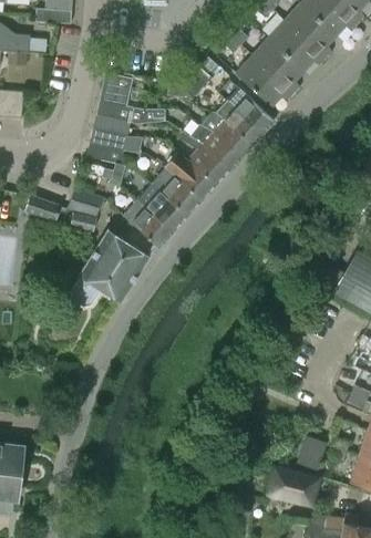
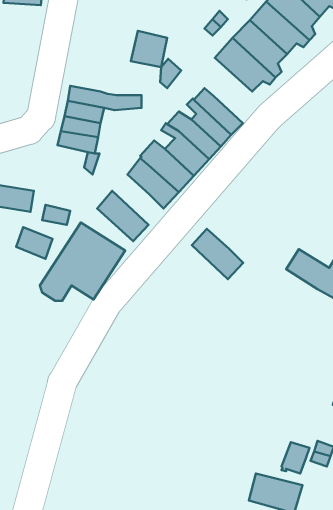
building: [99,71,133,105] -> [131,31,167,67]
building: [235,92,278,135] -> none
building: [138,184,187,231] -> [192,229,243,279]
building: [69,188,103,218] -> [16,227,52,259]

